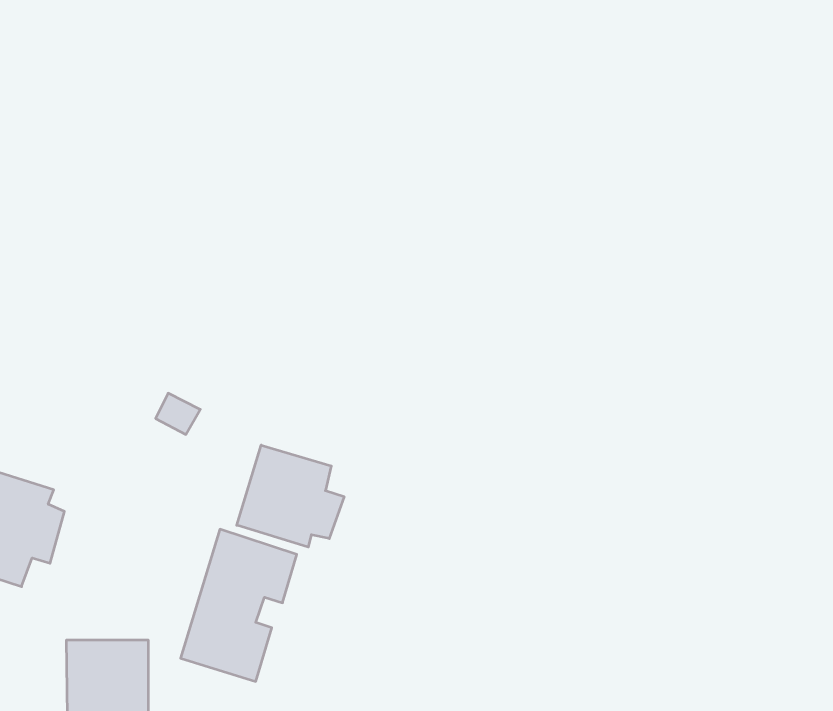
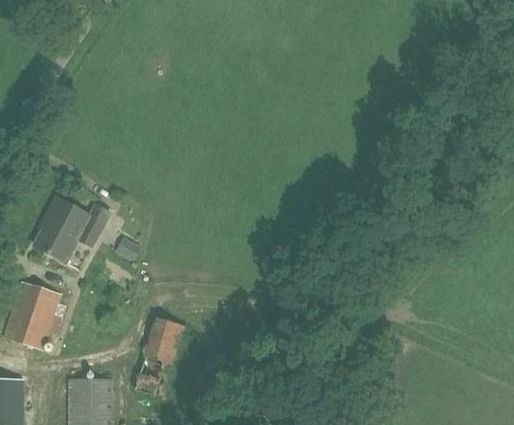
building: none -> [33,198,109,261]
building: [237,445,344,547] -> none

